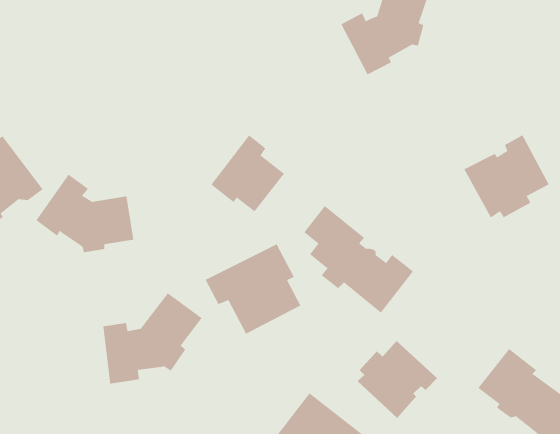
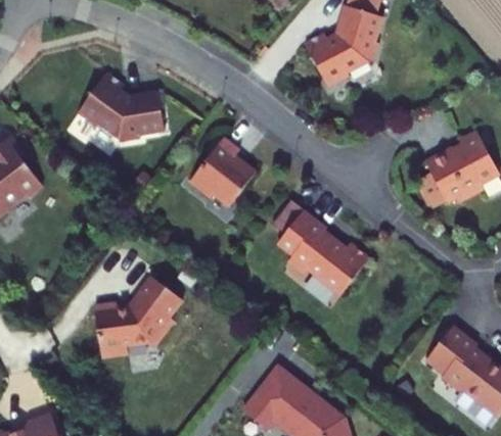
building: [36,174,134,253] -> [78,72,165,142]
building: [205,243,301,334] -> none
building: [357,340,438,419] -> none

